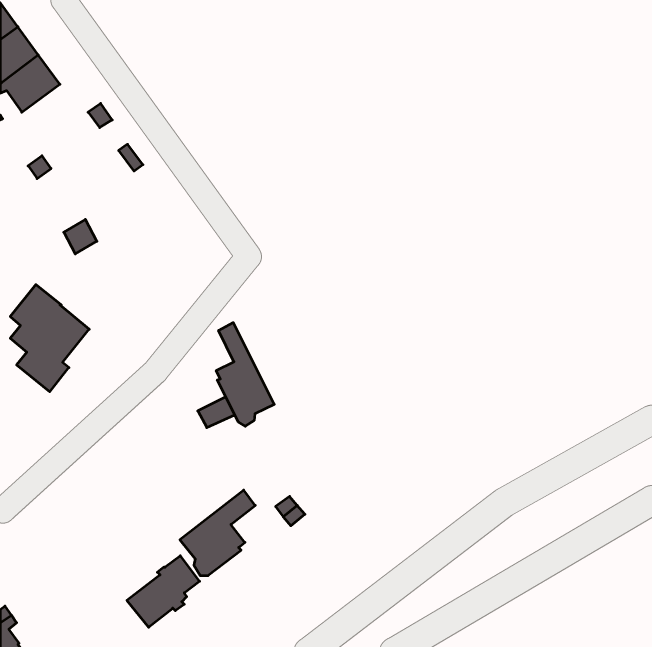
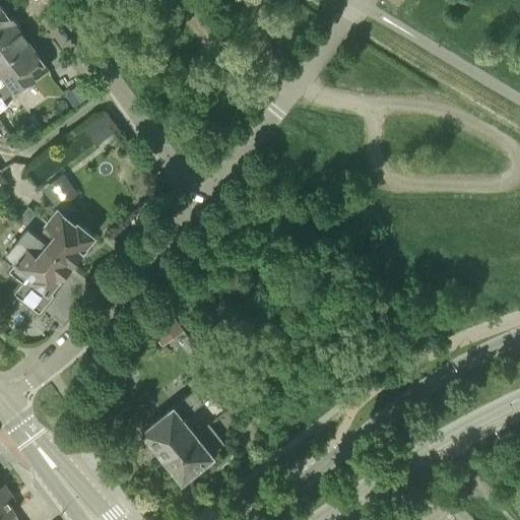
building: none -> [18,205,94,266]
building: [216,323,274,426] -> none
building: [127,556,200,627] -> [166,427,223,483]

